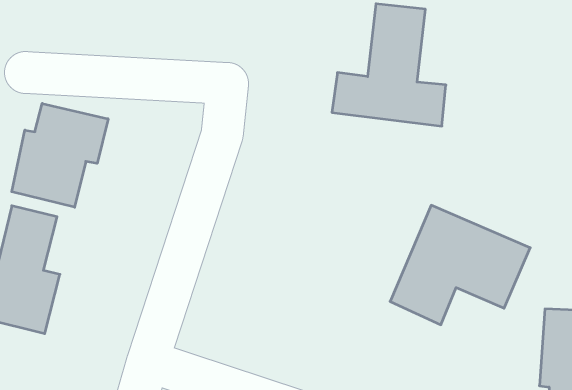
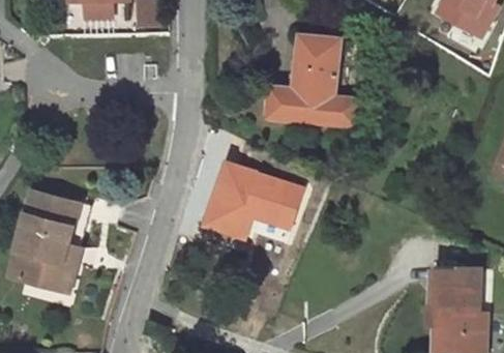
building: [12,103,108,207] -> none
building: [390,205,530,325] -> [201,157,306,247]

